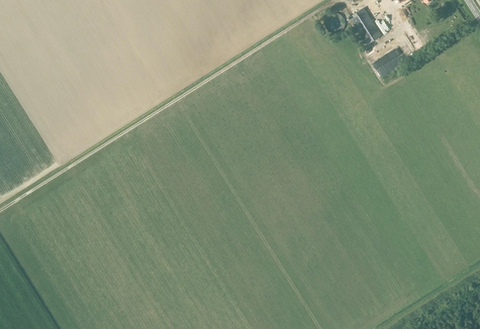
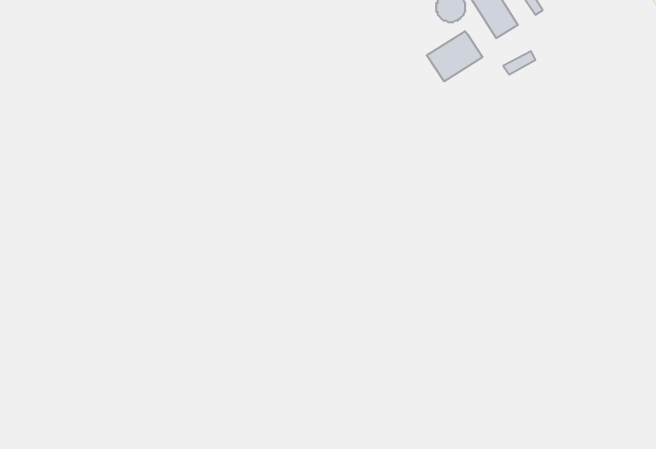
building: none -> [427,31,482,81]

